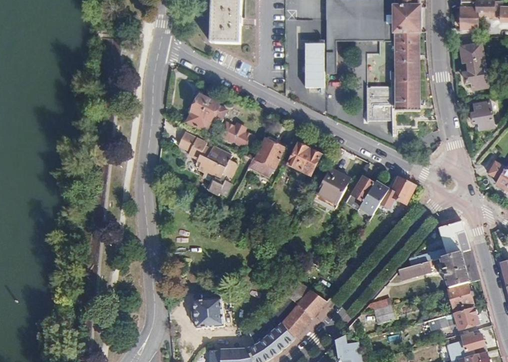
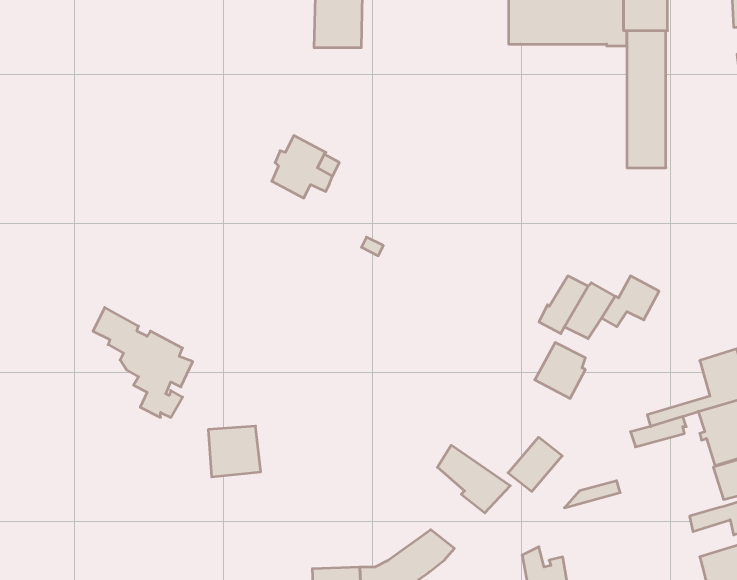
building: [304,41,324,85] -> none
building: [373,89,397,123] -> none
building: [219,122,252,148] -> none
building: [177,131,236,196] -> [93,307,193,417]
building: [255,138,284,166] -> none
building: [288,143,321,174] -> none
building: [316,168,346,201] -> [535,343,585,398]
building: [193,297,224,327] -> [208,426,261,477]
building: [280,305,312,337] -> [508,437,562,491]

